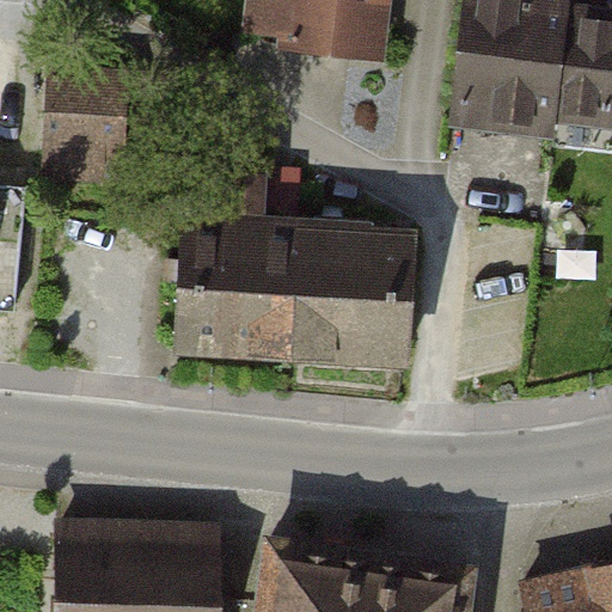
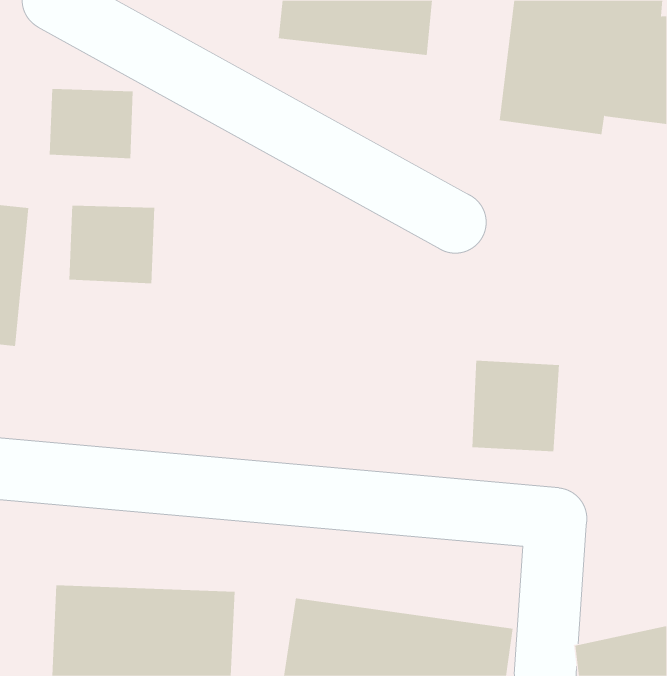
building: none -> [69,205,155,284]
building: [177,230,420,360] -> none
building: none -> [472,360,559,452]

